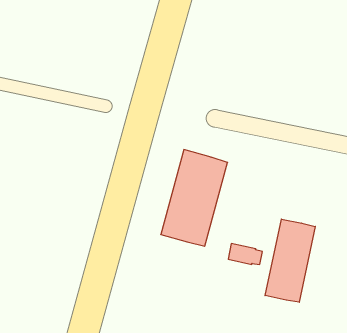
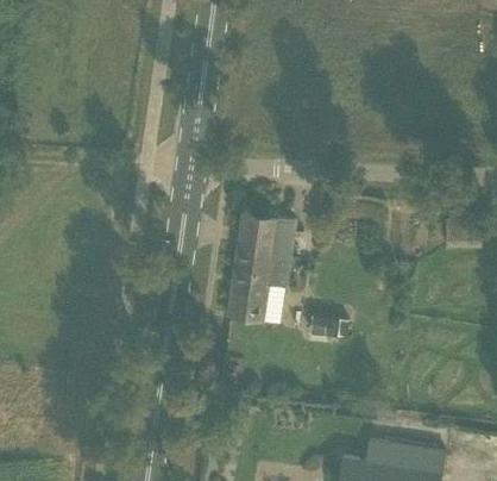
building: [265,219,315,302] -> none

